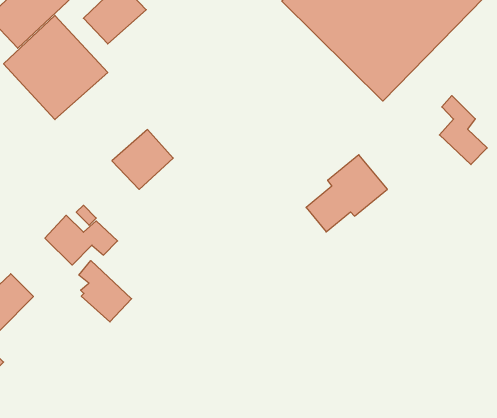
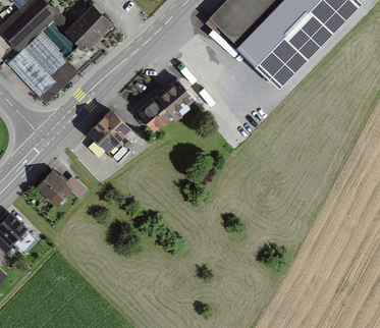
building: [439,96,487,165] -> none
building: [306,155,387,232] -> [139,76,197,131]
building: [79,261,132,322] -> none

